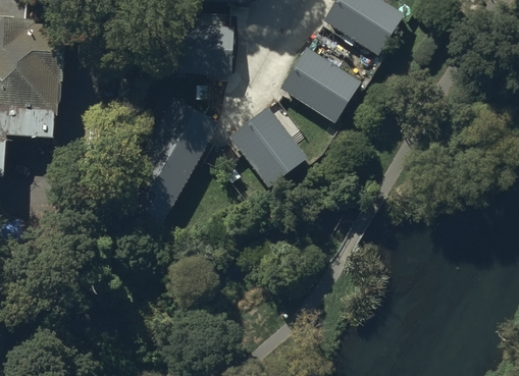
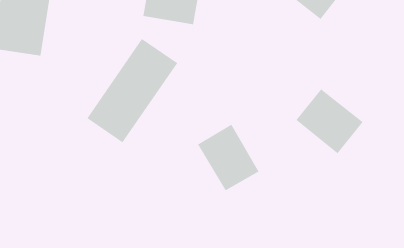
building: [279,49,359,123] -> [296,89,363,154]
building: [228,107,305,186] -> [197,124,260,191]

